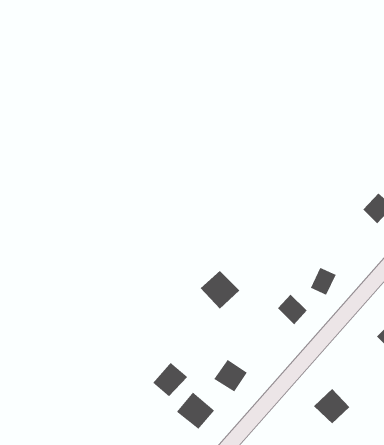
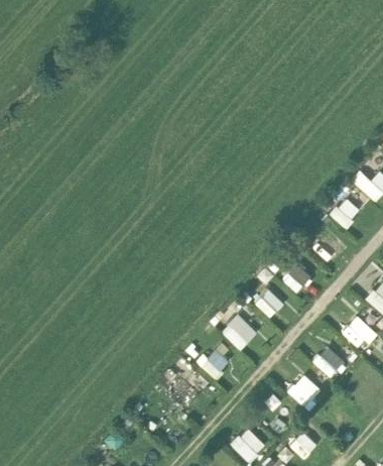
building: [200,270,240,309] -> [221,315,257,350]
building: none -> [312,346,344,377]
building: [152,362,188,397] -> none

